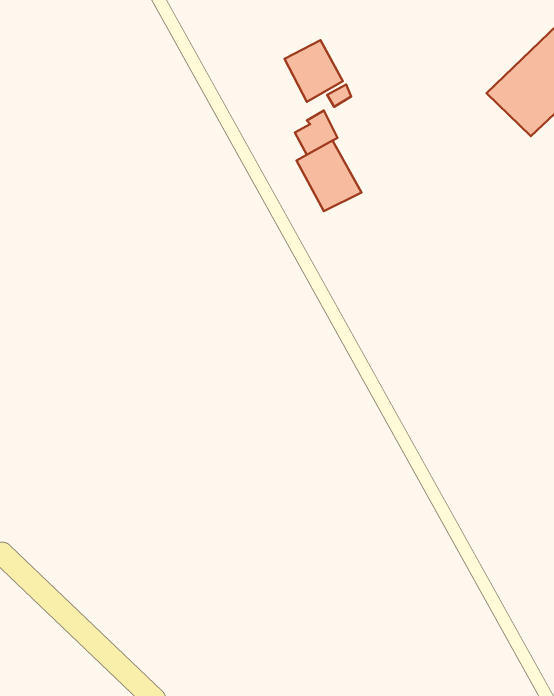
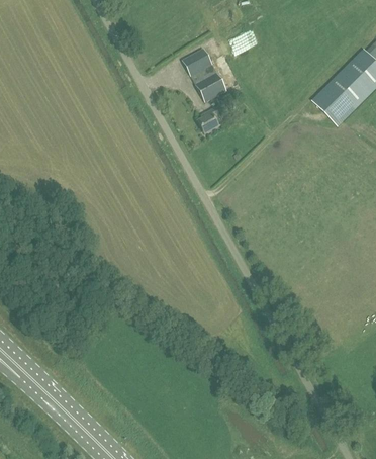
building: none -> [182,49,213,78]
building: [296,141,361,211] -> none

